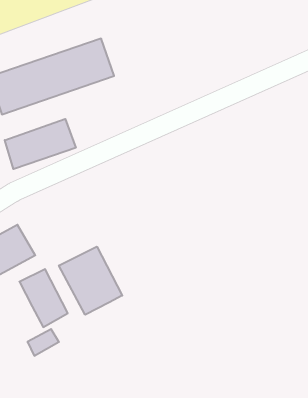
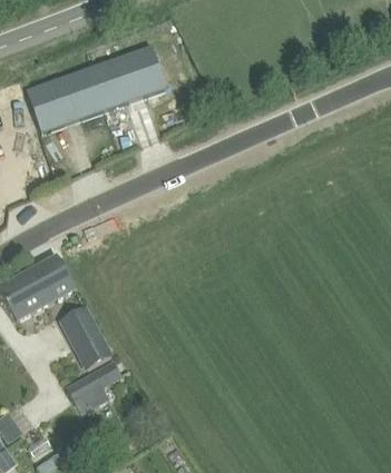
building: [5,119,76,169] -> none
building: [59,247,122,315] -> none

